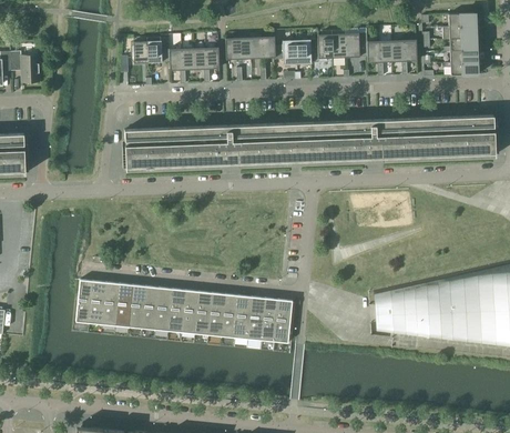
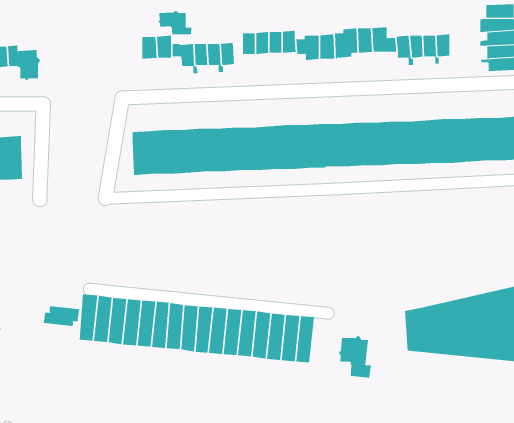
building: none -> [157,10,192,35]
building: none -> [43,305,81,327]
building: none -> [338,334,371,379]

